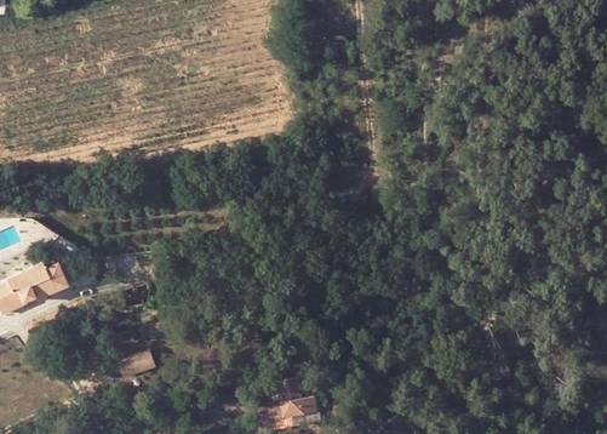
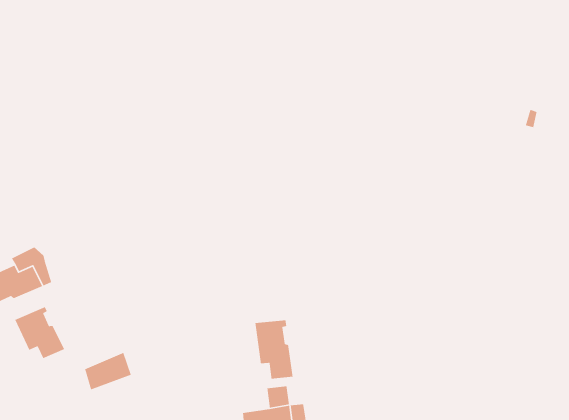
building: none -> [14,306,65,359]
building: none -> [255,320,294,379]

